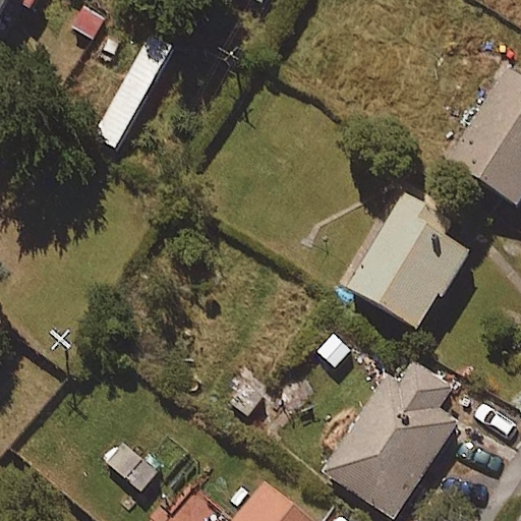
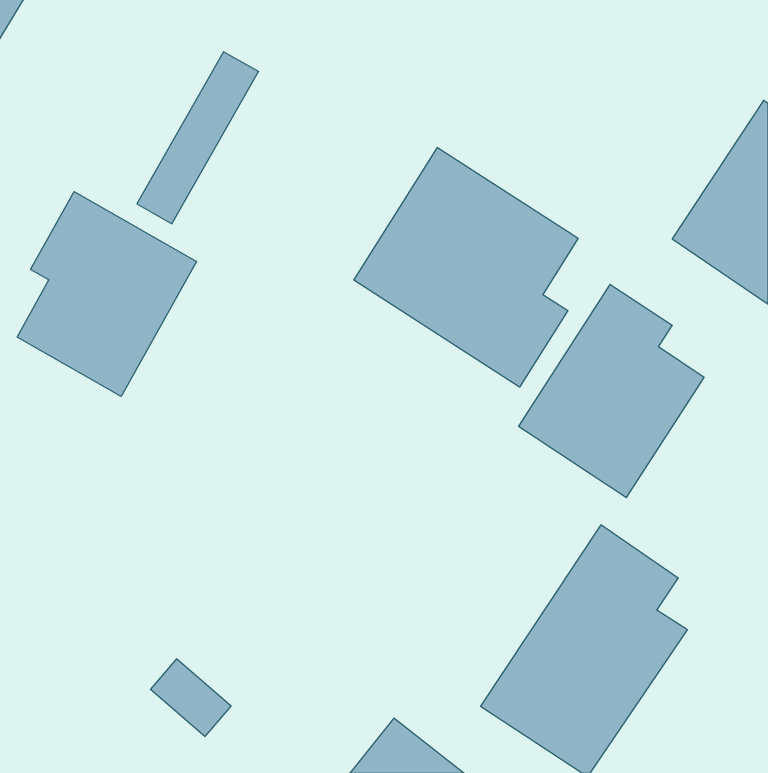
building: none -> [354,147,578,387]
building: none -> [17,192,197,396]

